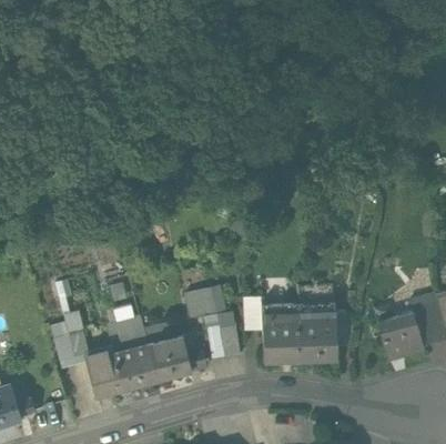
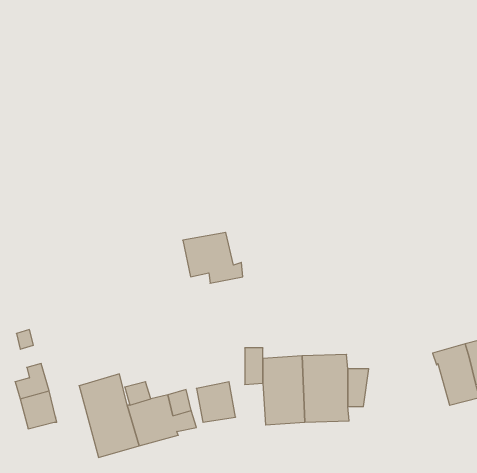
building: [183,287,234,331] -> [183,232,243,283]
building: [375,310,423,360] -> none
building: [85,349,123,396] -> none

